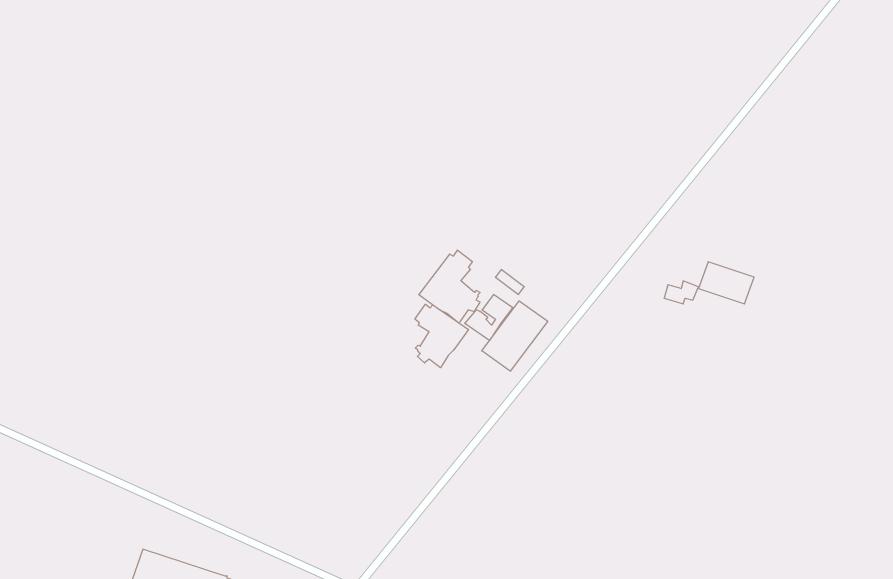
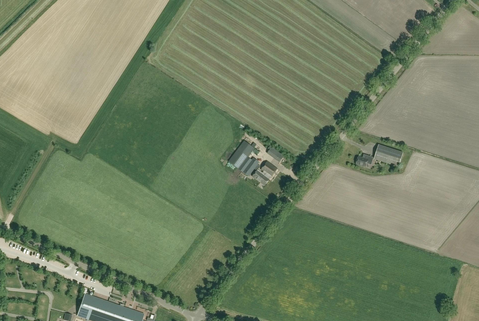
building: [482,301,548,371] -> none
building: [415,304,468,368] -> none

